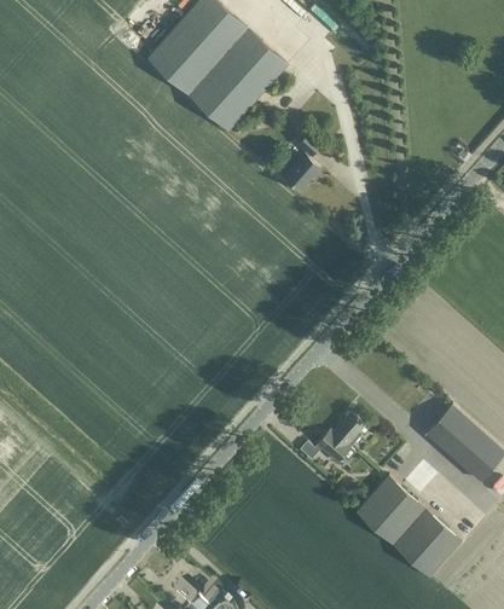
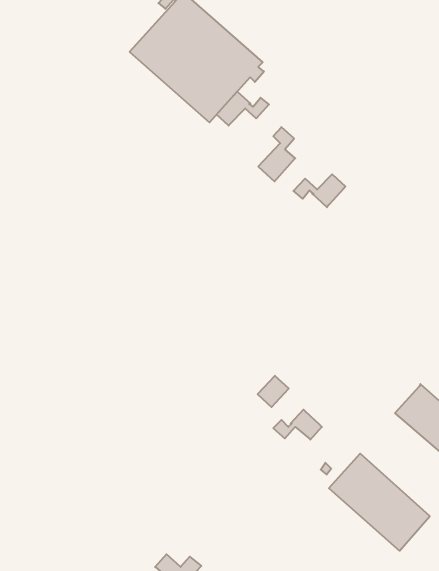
building: none -> [217,92,269,126]
building: none -> [293,174,345,207]
building: [331,413,364,446] -> [258,376,289,407]

